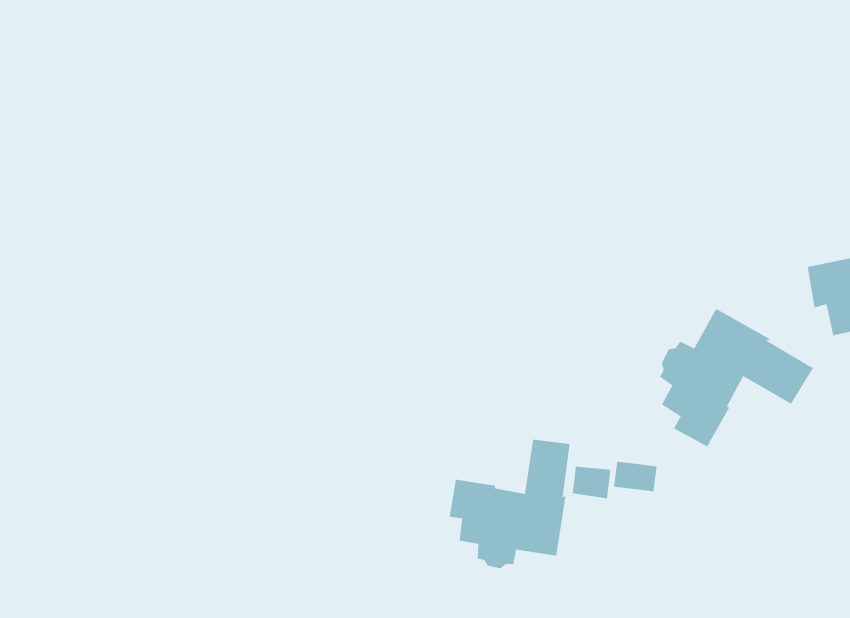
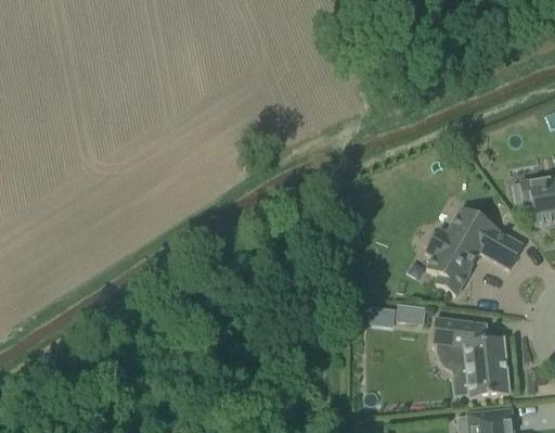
building: [449,439,570,569] -> none
building: none -> [433,316,509,396]

